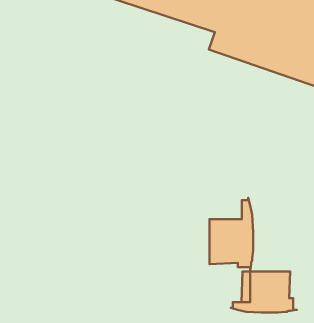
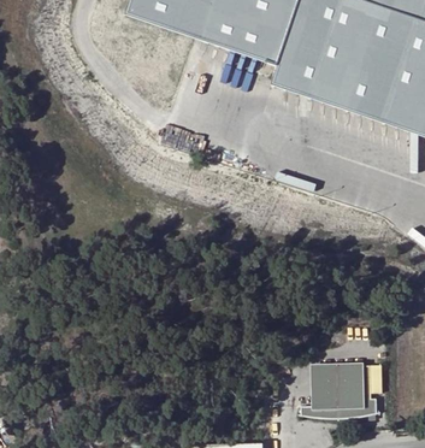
building: [210,198,253,271] -> none

